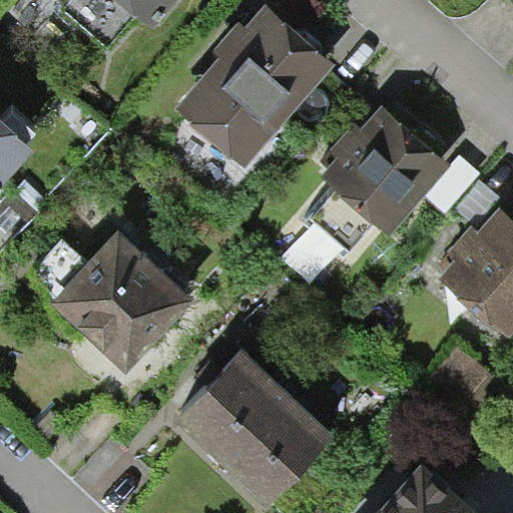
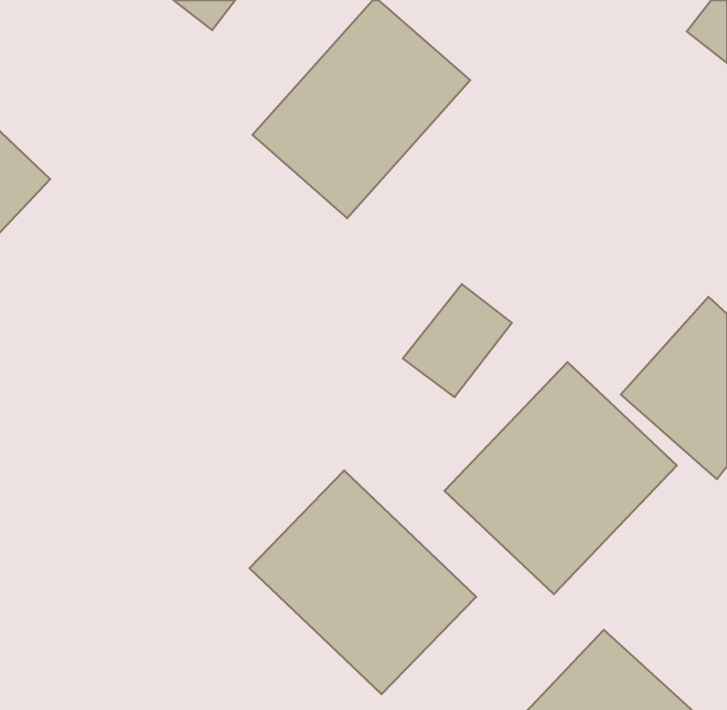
building: [322,113,446,238] -> none
building: [48,223,194,370] -> none
building: none -> [444,362,677,594]

